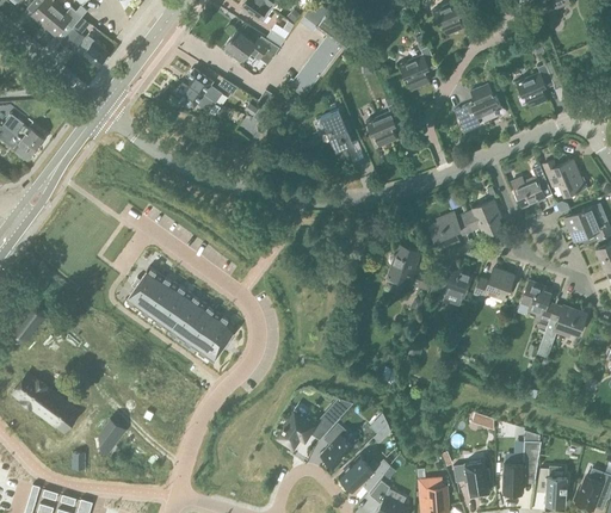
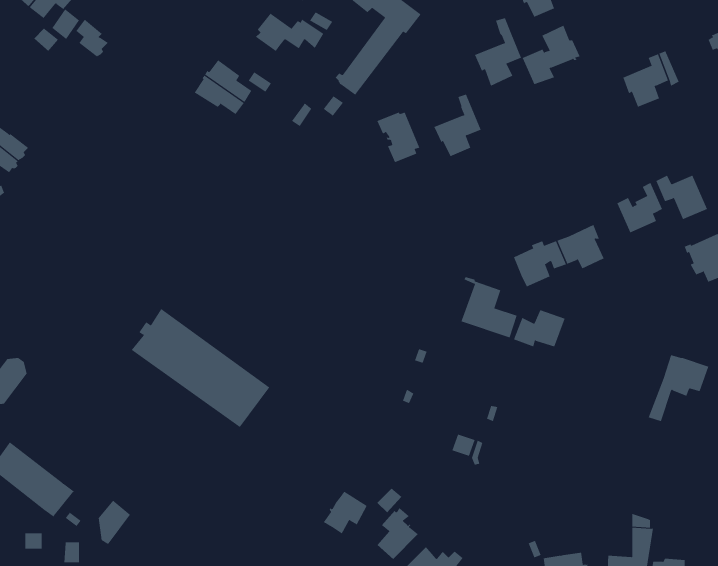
building: [453,84,500,131] -> [522,25,580,85]
building: [471,267,512,298] -> none
building: [520,280,554,322] -> none

